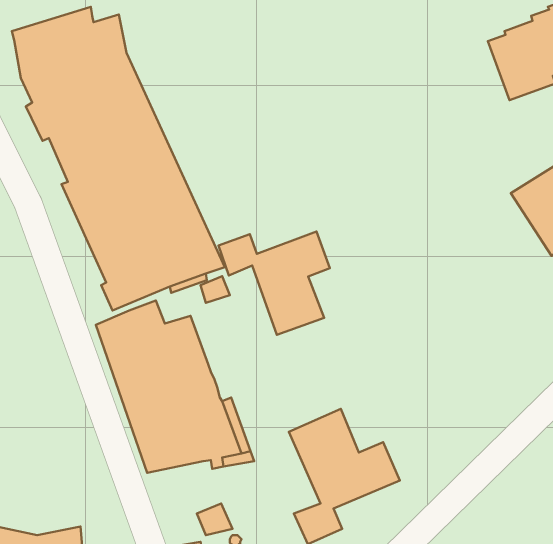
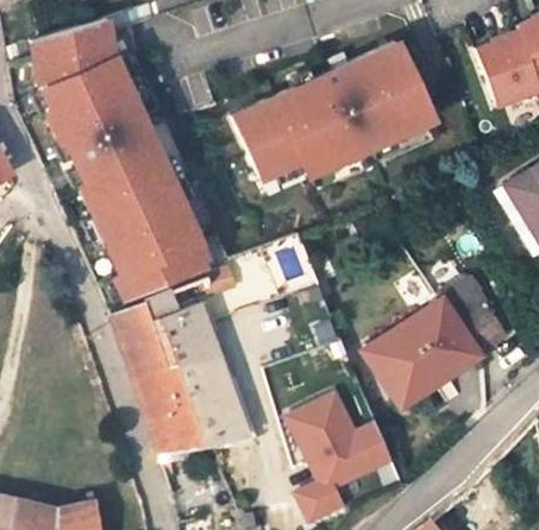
building: none -> [232,43,432,178]
building: [218,231,330,335] -> none
building: none -> [362,278,506,408]

